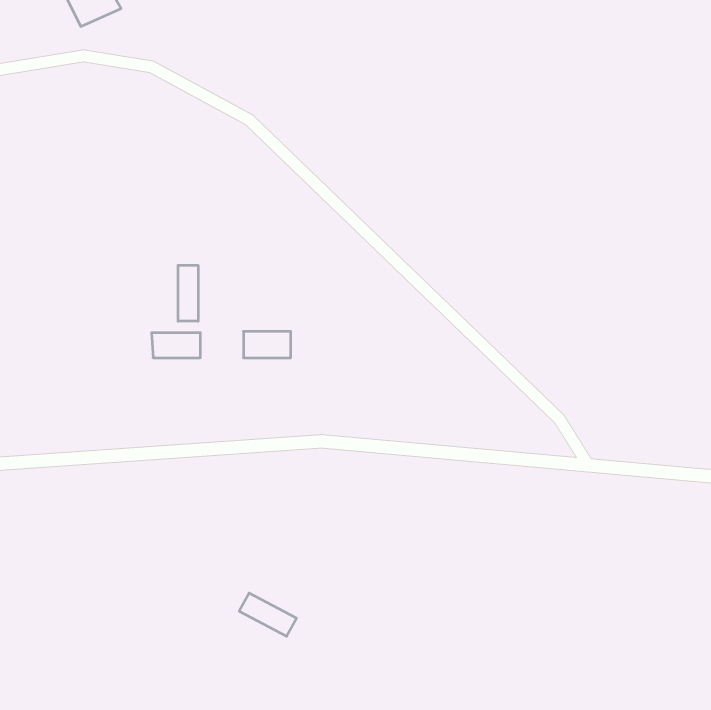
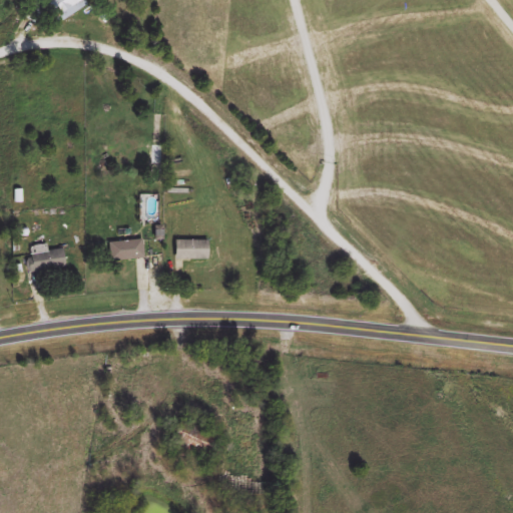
building: [178,265,198,321] -> none
building: none -> [30,247,66,271]

